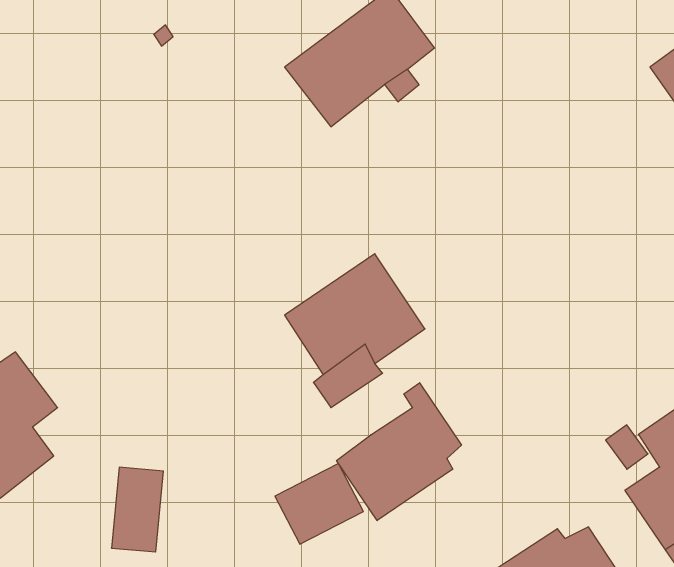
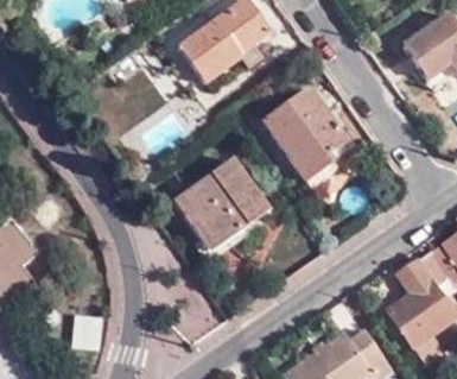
building: none -> [264,88,344,178]
building: [337,383,461,521] -> none

